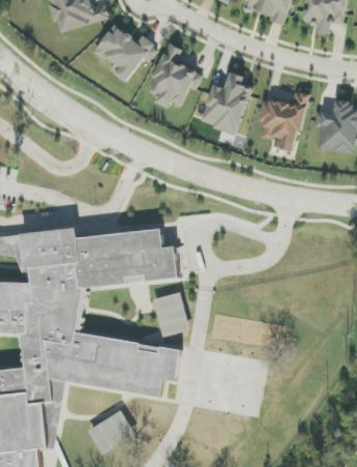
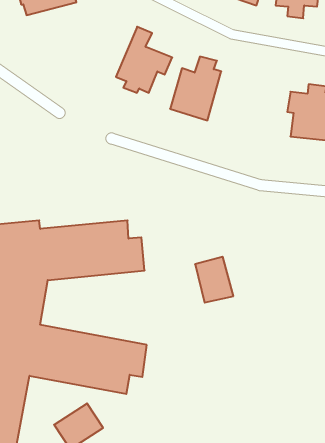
building: [93,22,158,80] -> none
building: [258,89,307,150] -> none
building: [152,290,189,334] -> [195,257,233,303]

